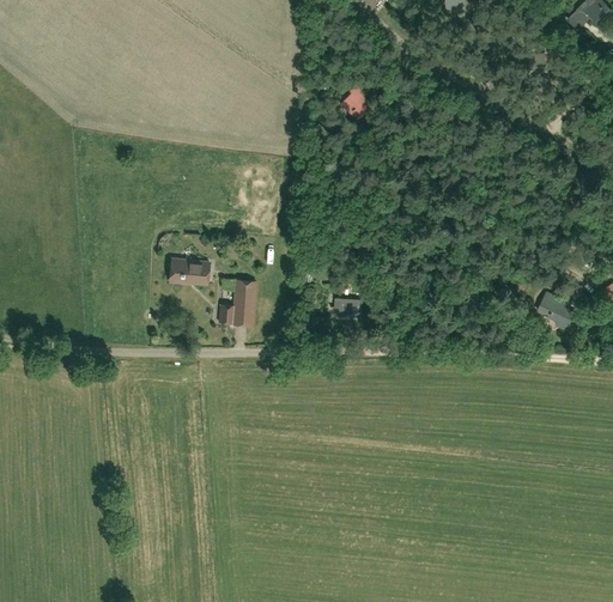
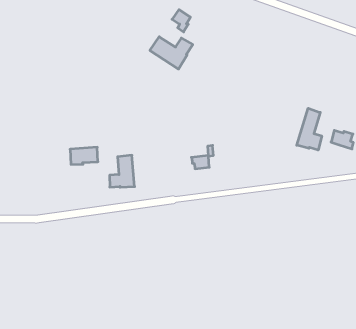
building: none -> [150,37,193,69]
building: none -> [297,108,322,150]

